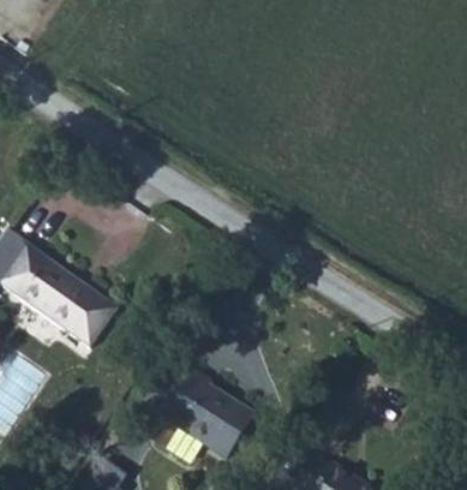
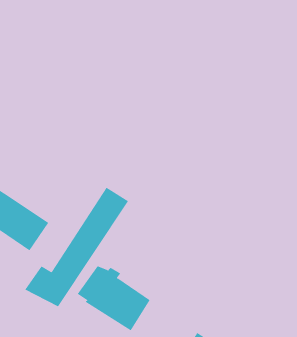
building: none -> [25,187,129,307]

